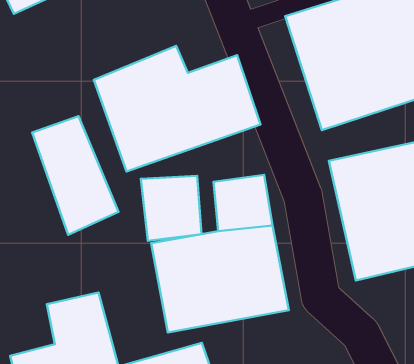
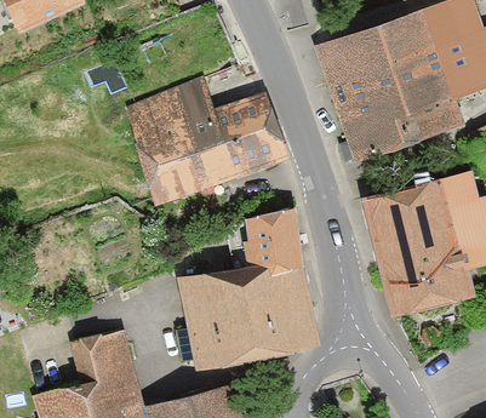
building: [32,116,118,235] -> none
building: [141,176,202,241] -> none

